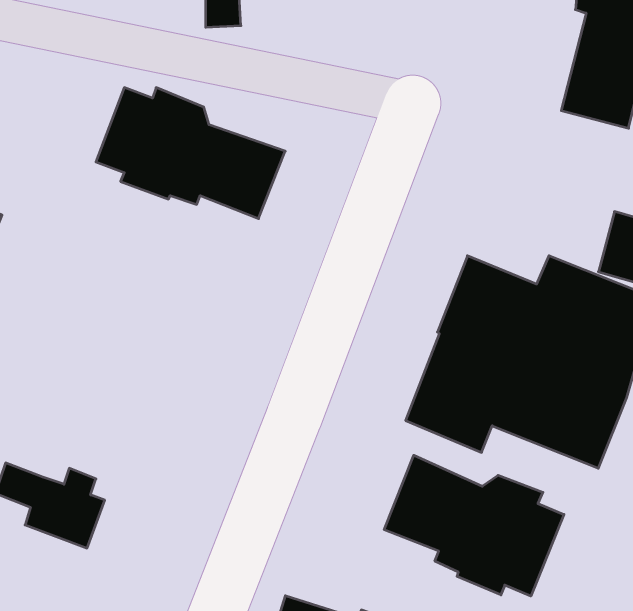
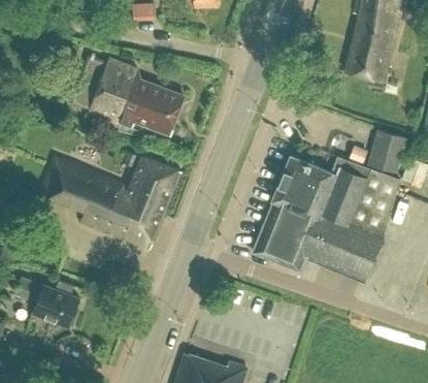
building: none -> [39,156,179,249]
building: [384,455,564,596] -> none

